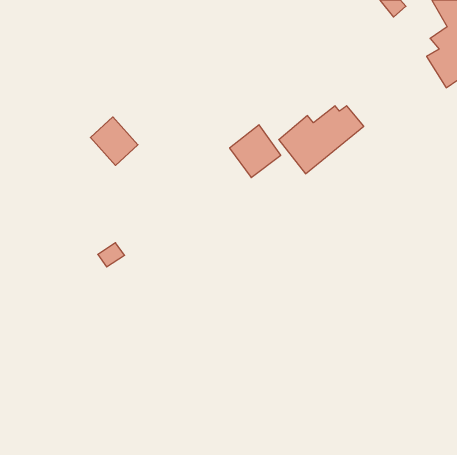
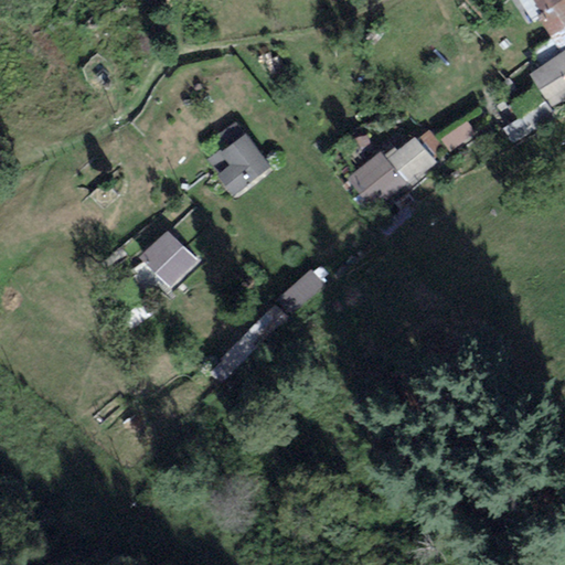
building: [90,117,138,165] -> [140,228,199,288]
building: [230,125,281,178] -> [209,129,271,194]

